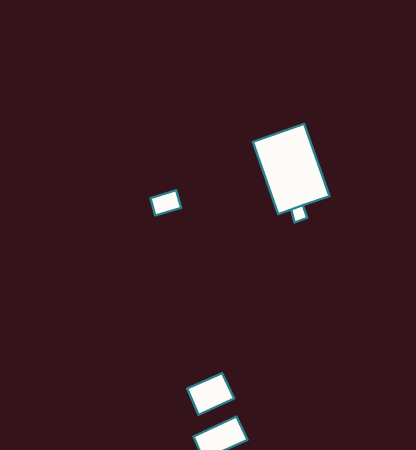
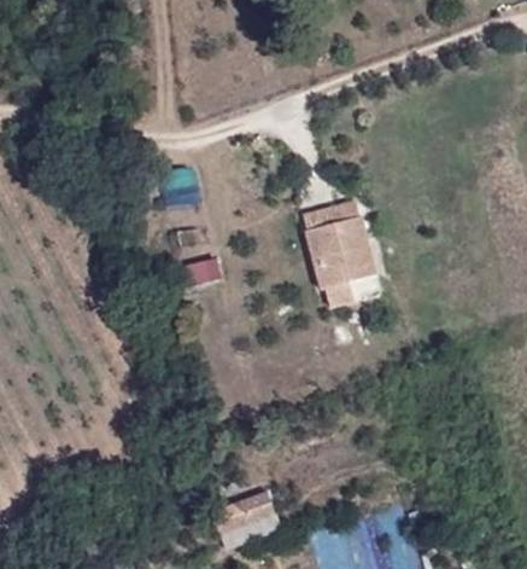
building: [187,373,234,415] -> none

